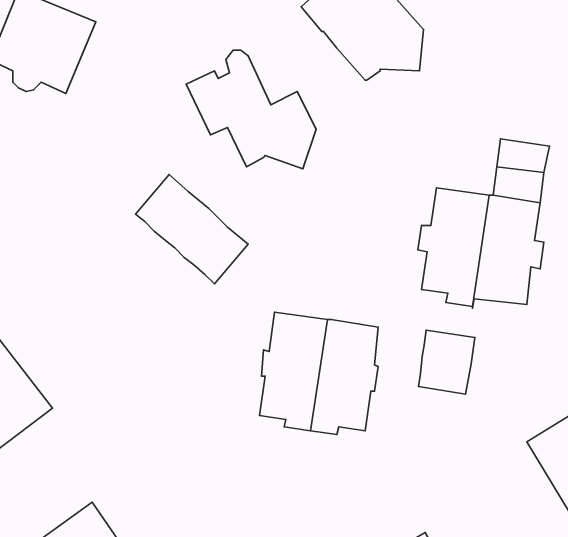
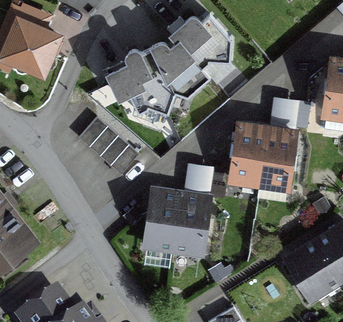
building: none -> [138,41,209,97]
building: [418,330,475,394] -> [182,164,212,198]

